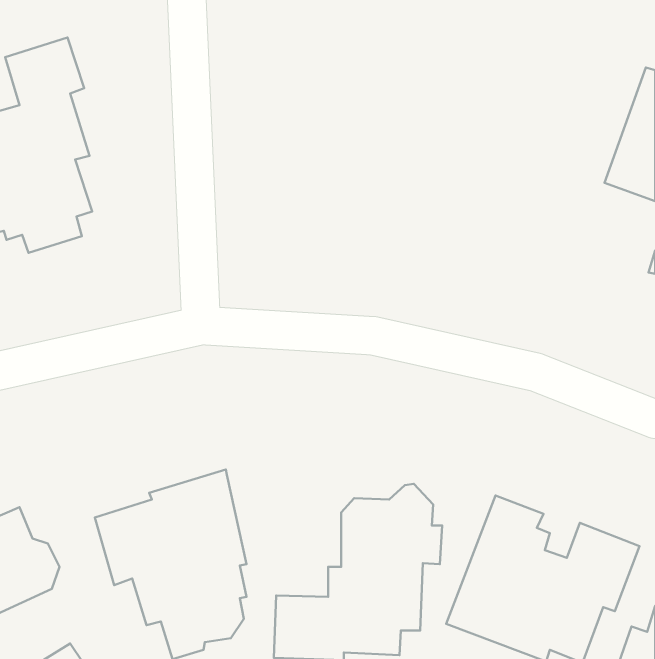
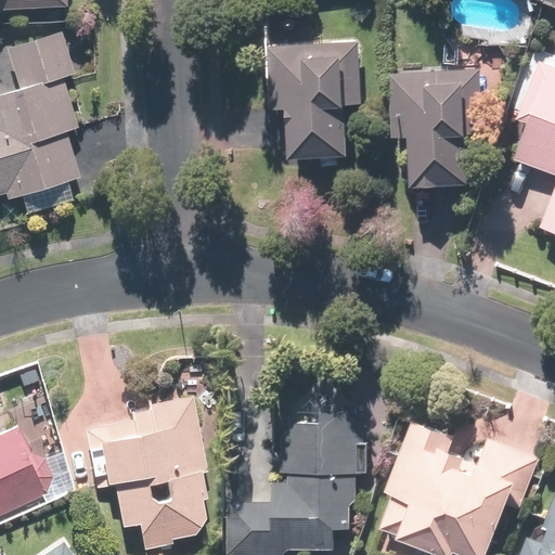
building: none -> [272,43,362,156]
building: none -> [393,72,478,188]

